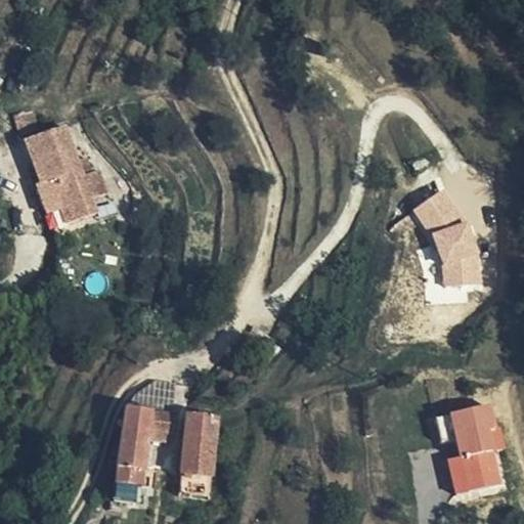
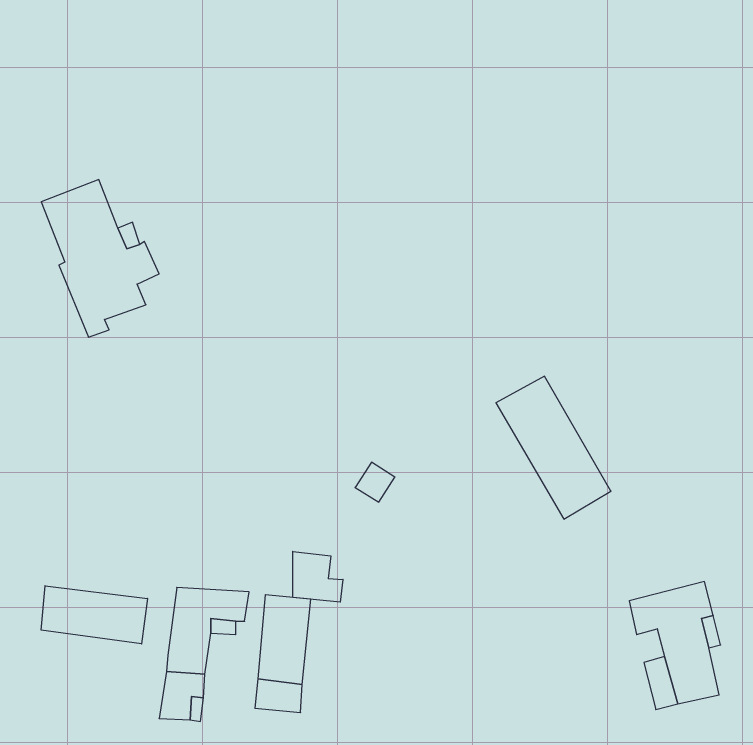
building: [409,185,489,285] -> [496,376,611,519]
building: none -> [293,551,343,602]
building: none -> [41,586,147,644]

